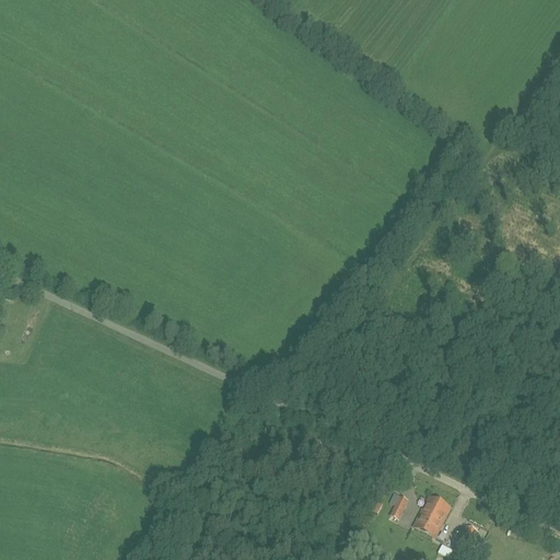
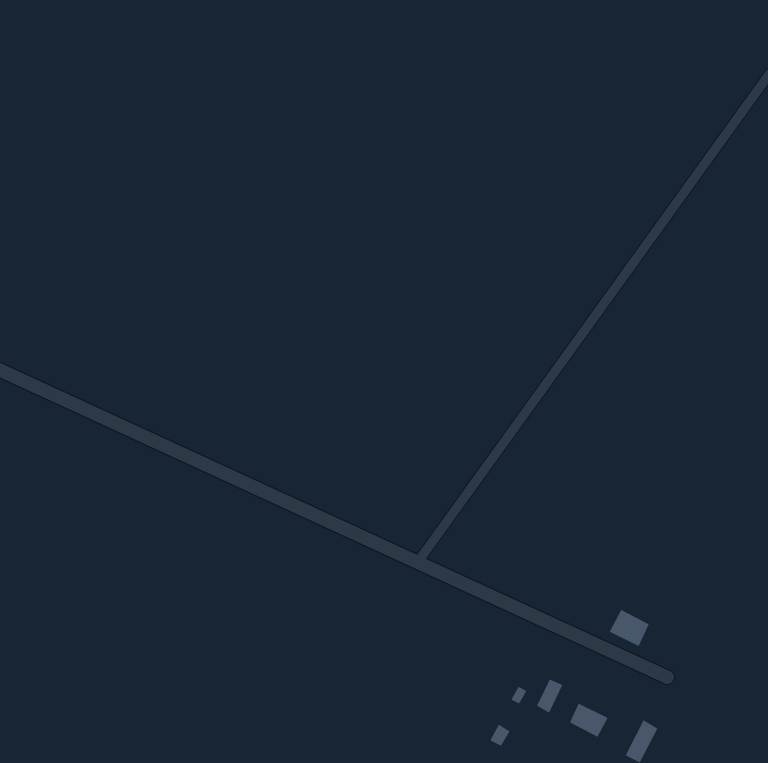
building: [421,494,451,522] -> [609,609,650,647]

